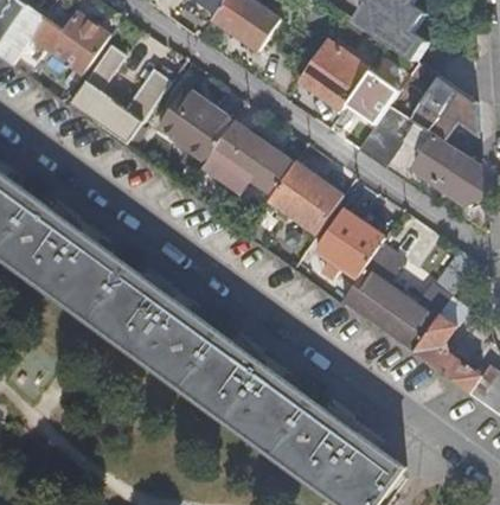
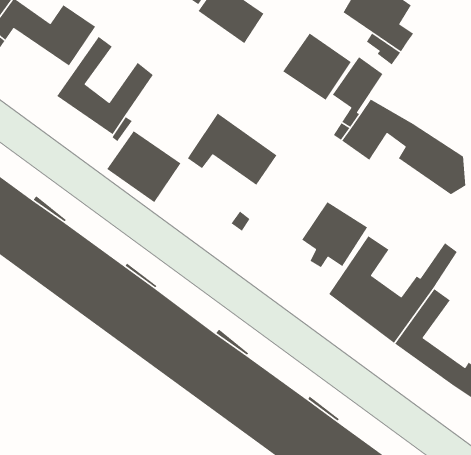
building: [412,77,469,134] -> none
building: [158,88,233,161] -> [106,130,182,203]
building: [268,161,344,234] -> none

